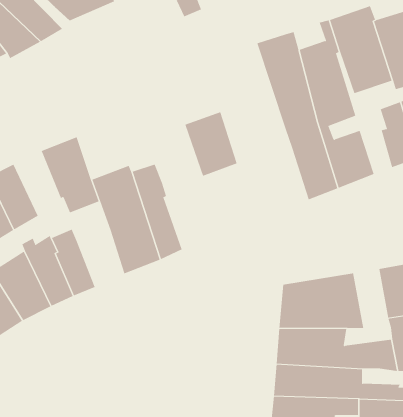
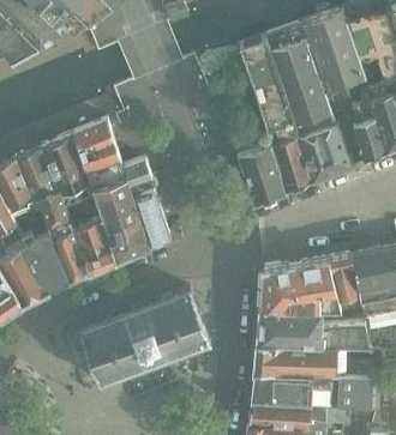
building: [184,112,238,177] -> [238,145,287,205]
building: none -> [73,120,121,174]
building: none -> [14,147,68,228]
building: none -> [73,220,116,273]
building: none -> [329,256,362,312]
building: none -> [82,290,211,385]

